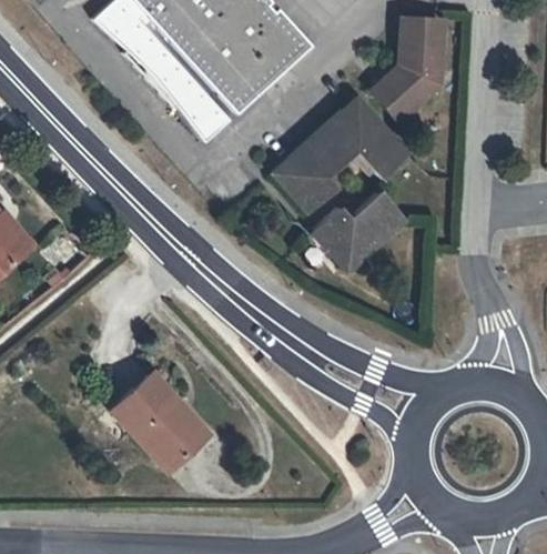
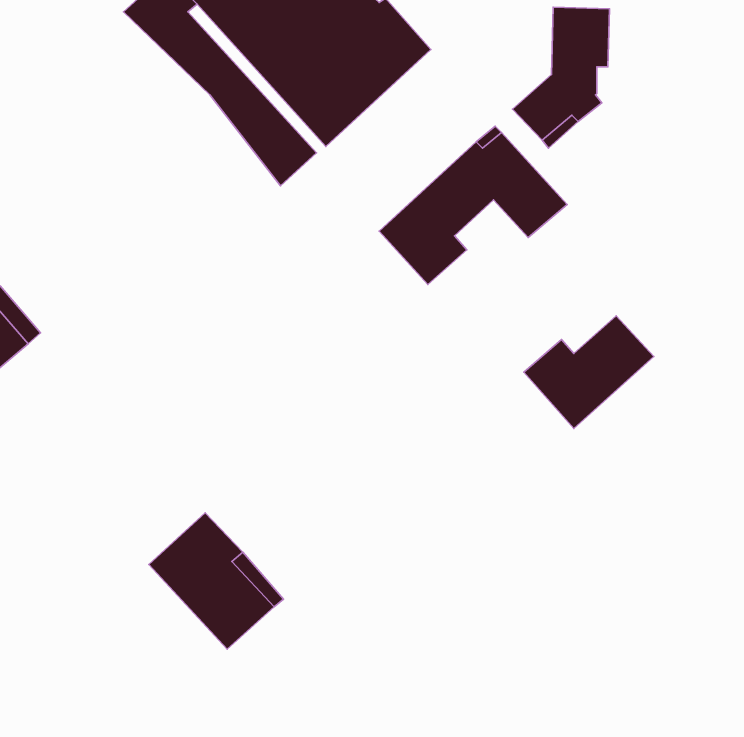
building: [315,191,407,271] -> [524,316,654,429]

